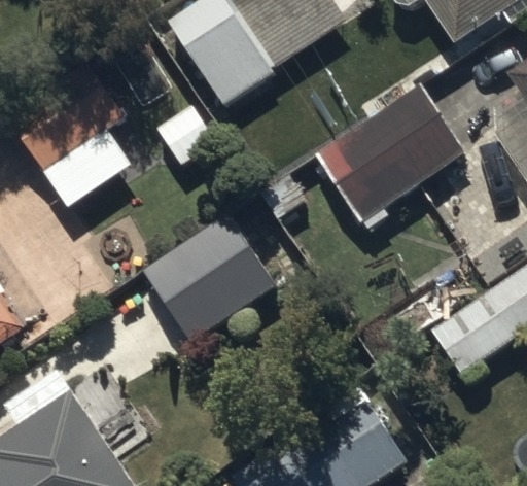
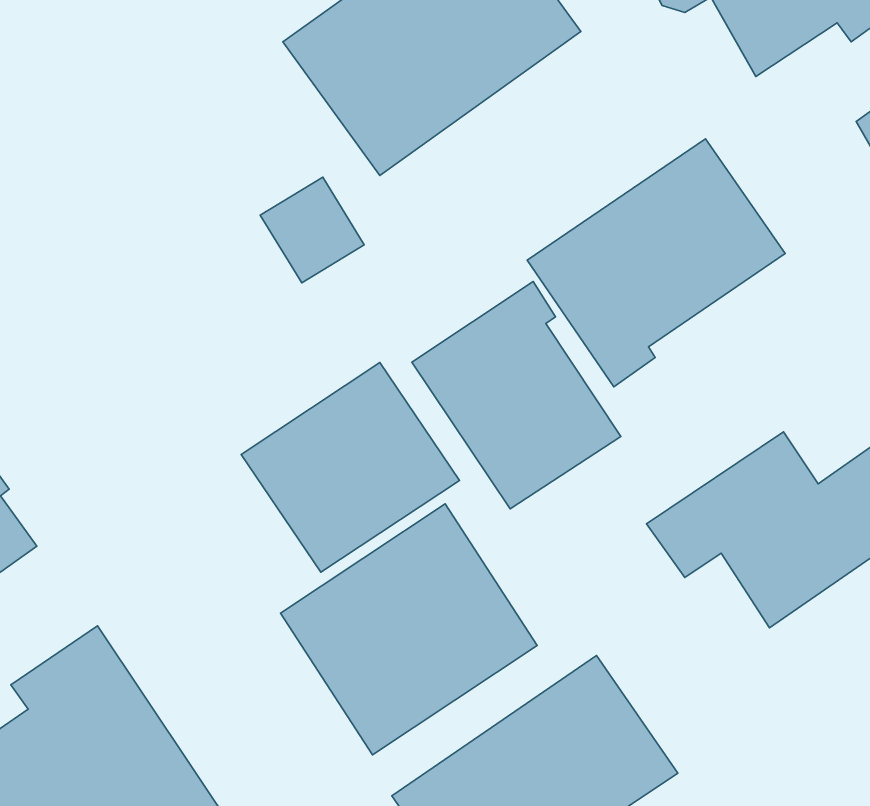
building: [23,86,133,210] -> none
building: none -> [412,282,621,509]
building: none -> [280,504,537,755]

